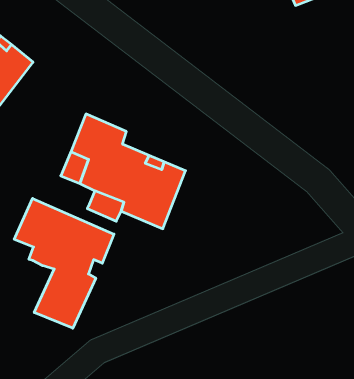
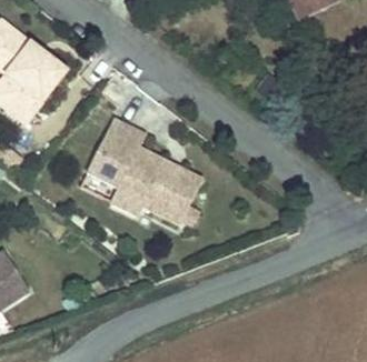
building: [14,198,114,328] -> none

